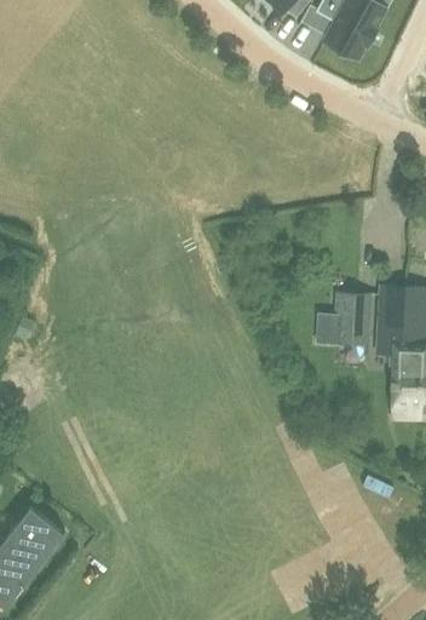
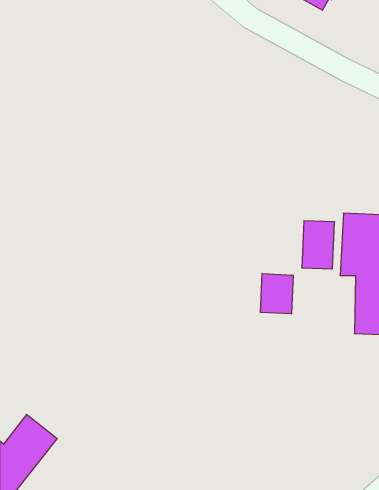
building: none -> [260,273,293,314]

